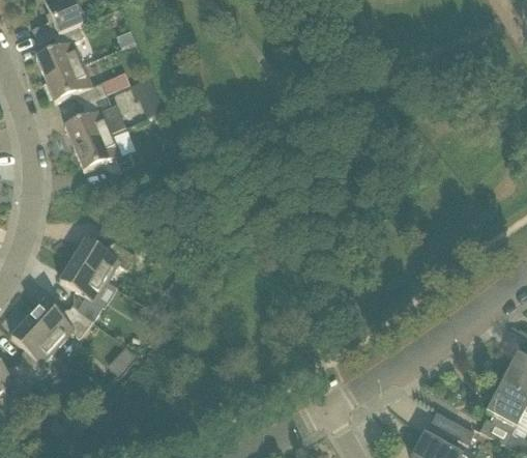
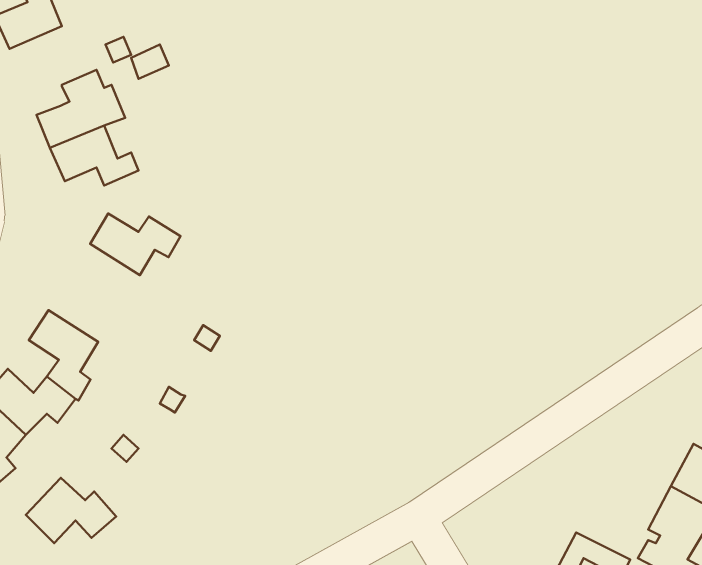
building: [47,62,107,103] -> none
building: [74,237,136,280] -> [90,214,180,275]
building: none -> [26,478,116,543]

